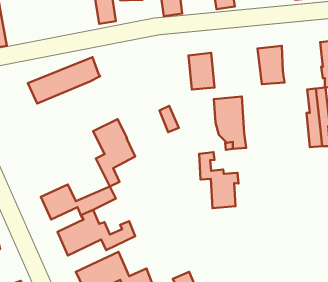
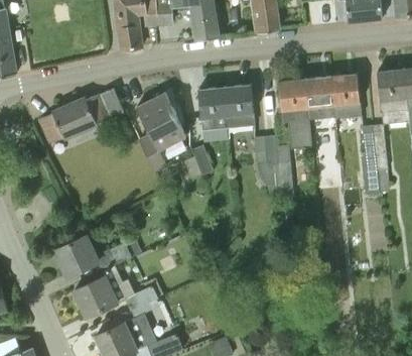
building: none -> [332,74,361,118]
building: none -> [278,79,311,149]
building: none -> [197,87,229,128]
building: [93,119,135,186] -> [136,93,184,170]
building: [199,152,239,208] -> none

